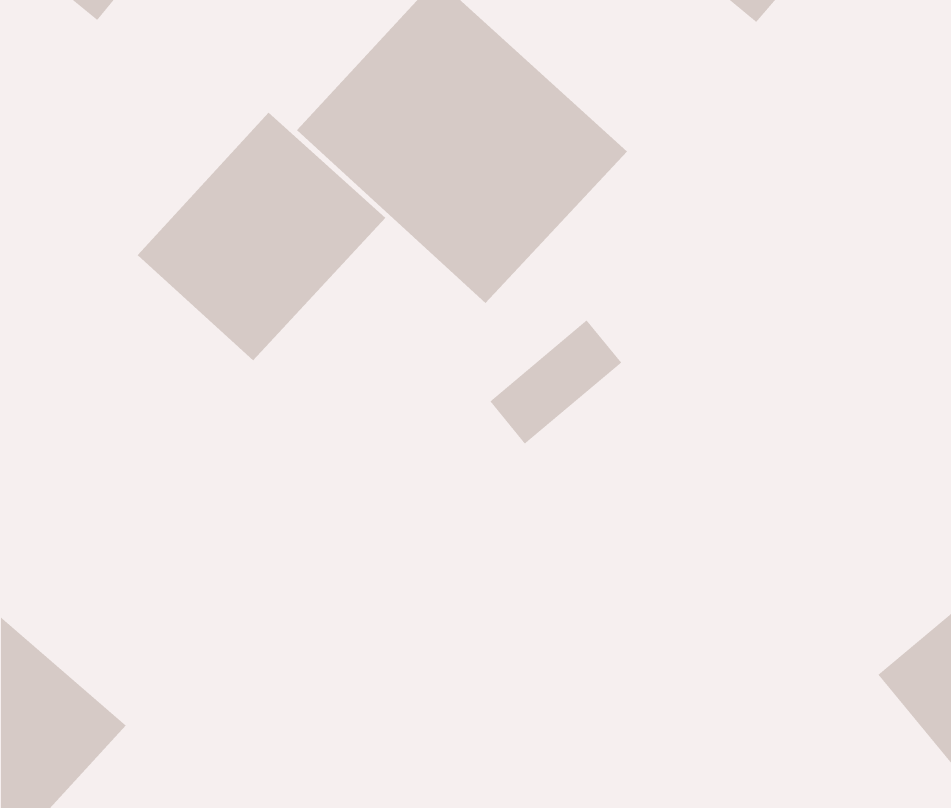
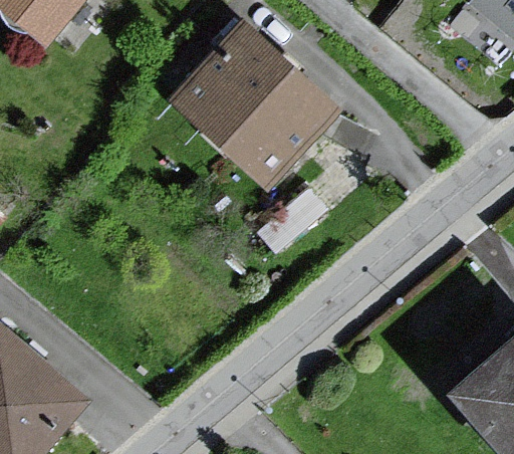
building: [137,112,386,361] -> none

